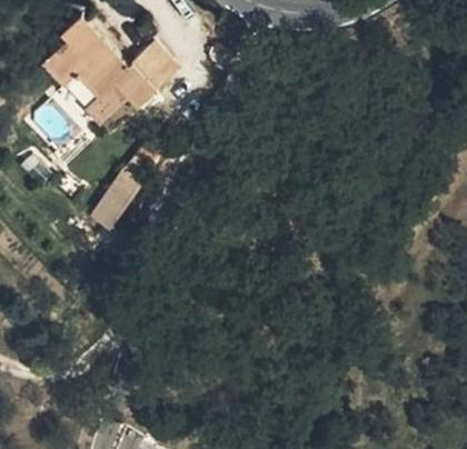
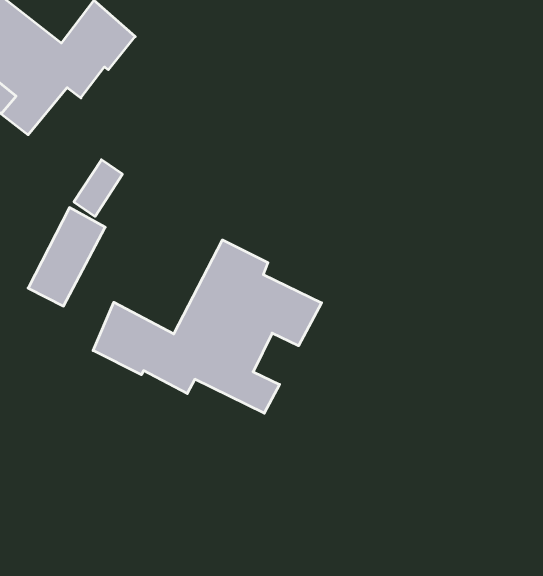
building: none -> [93,240,322,413]

